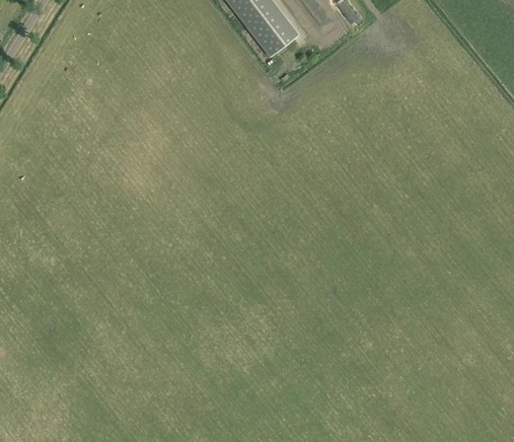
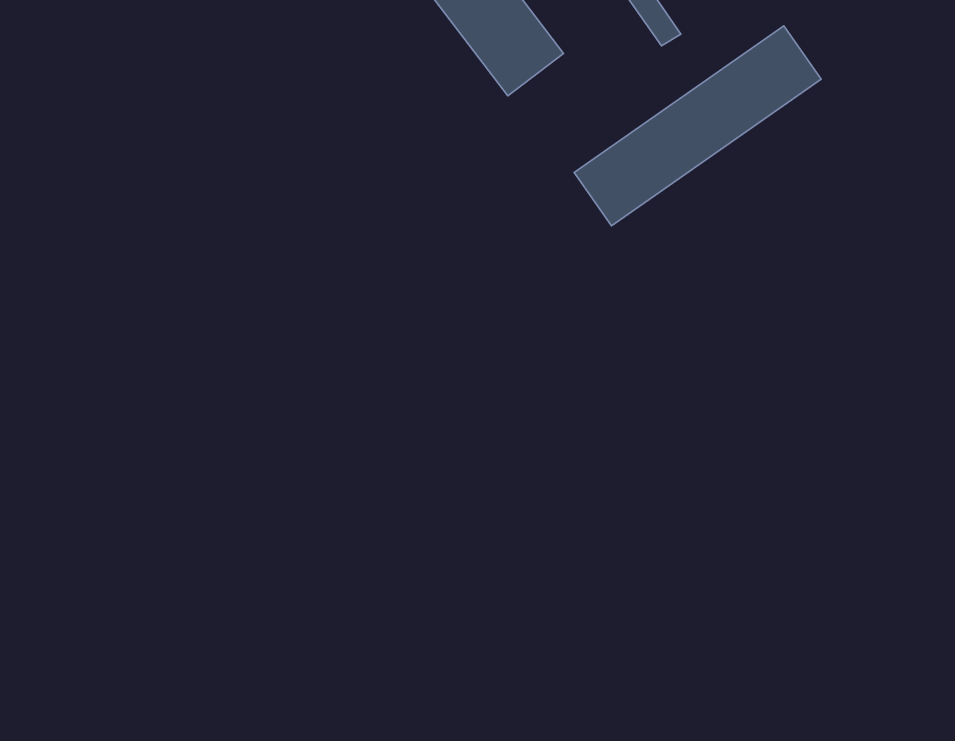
building: none -> [574,26,821,226]

